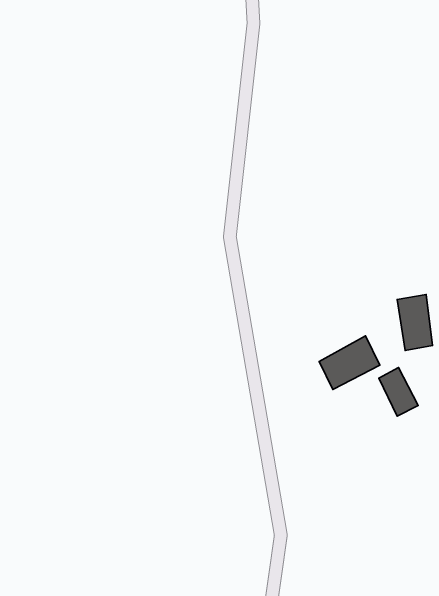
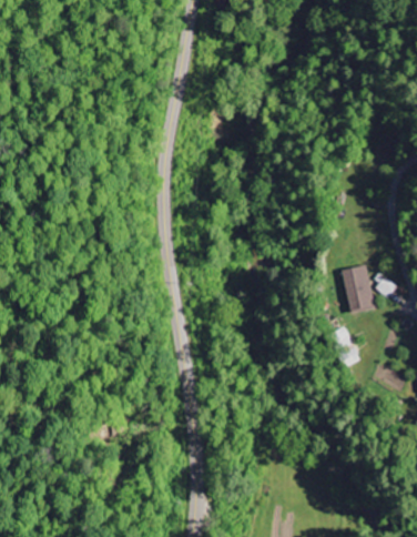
building: [319,336,380,390] -> none

